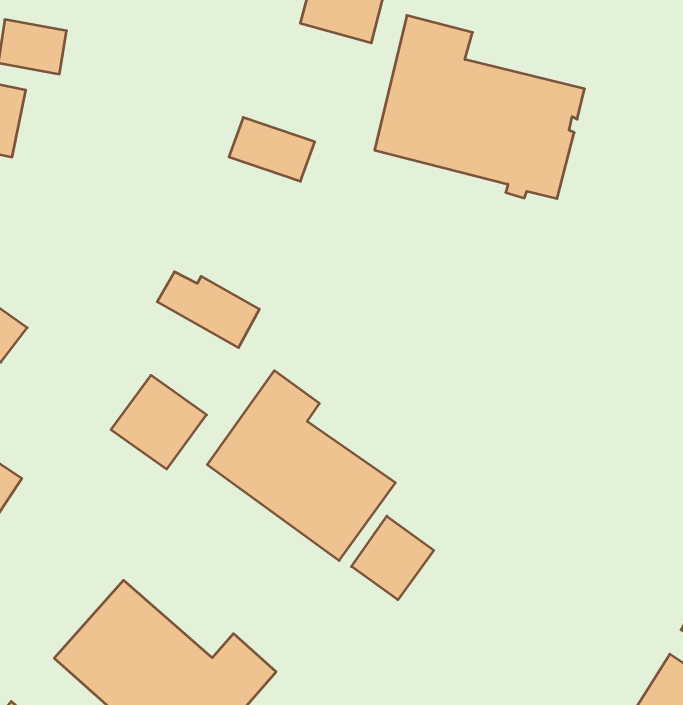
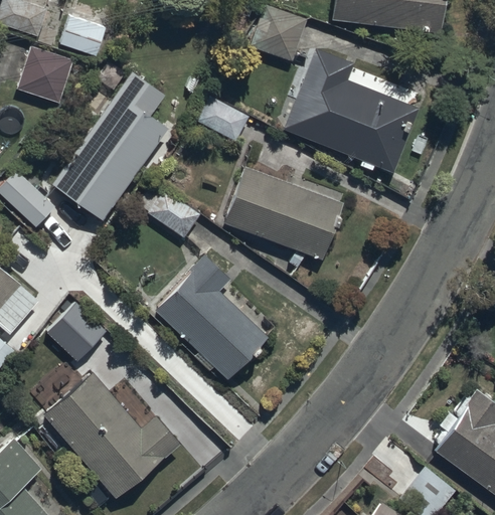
building: none -> [52,70,167,219]
building: none -> [223,165,344,260]
building: [111,375,207,469] -> [47,302,108,361]
building: [351,516,434,600] -> none

